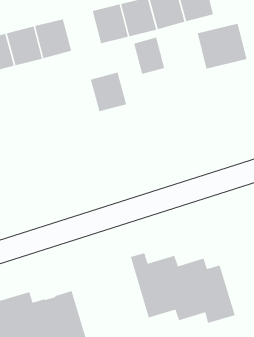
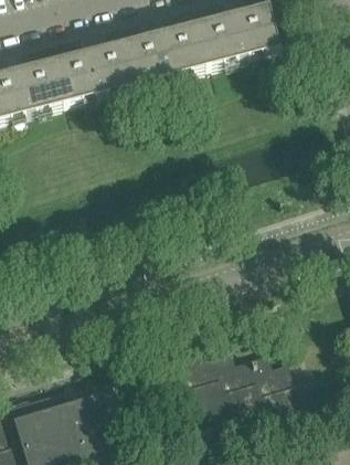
building: [197,23,248,69] -> none
building: [133,37,165,75] -> none
building: [90,71,127,112] -> [93,41,139,92]

